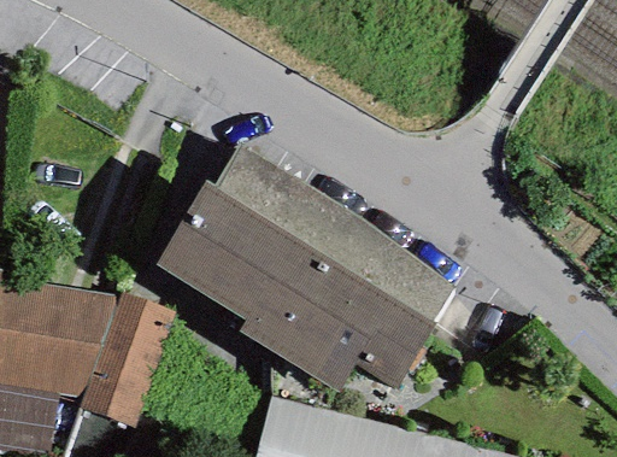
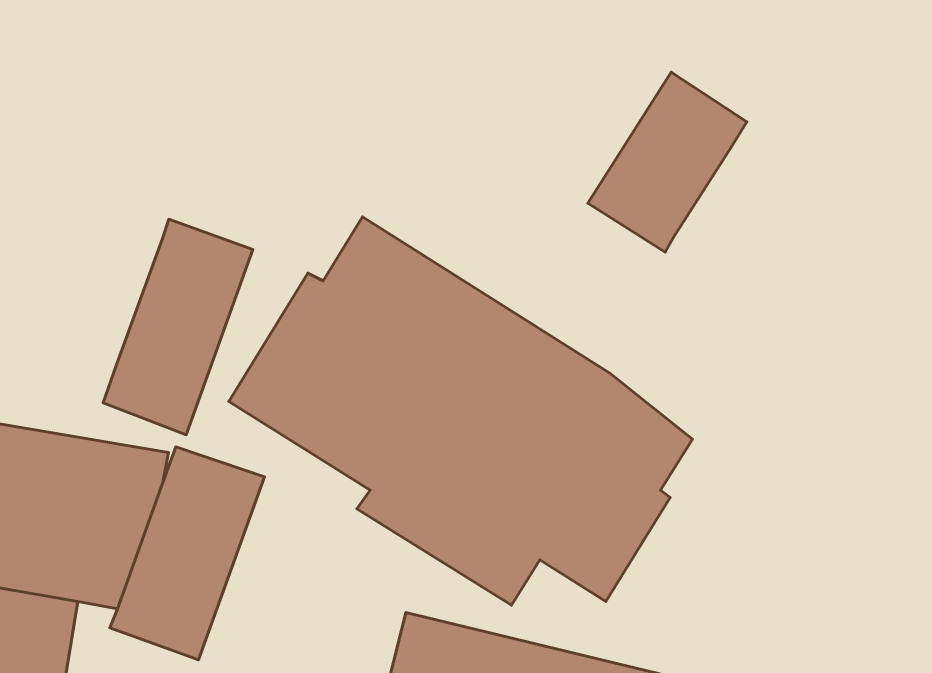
building: none -> [588,72,747,252]
building: none -> [103,219,253,435]

